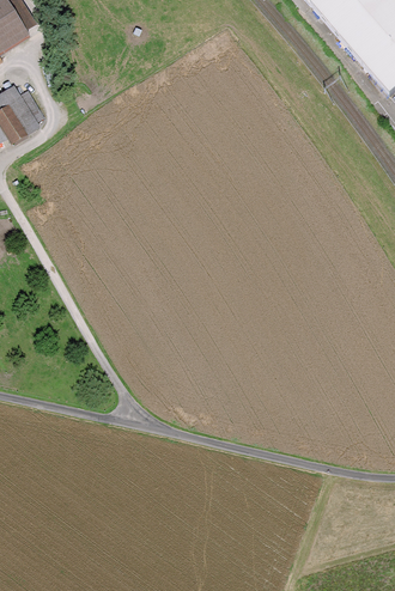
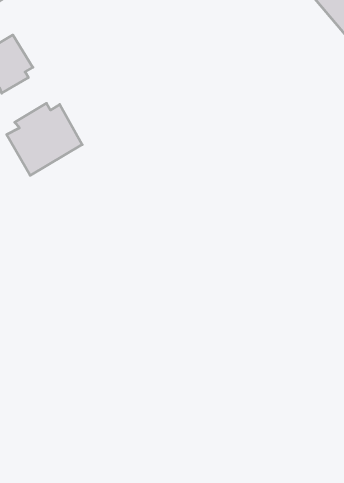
building: none -> [7,103,82,175]

